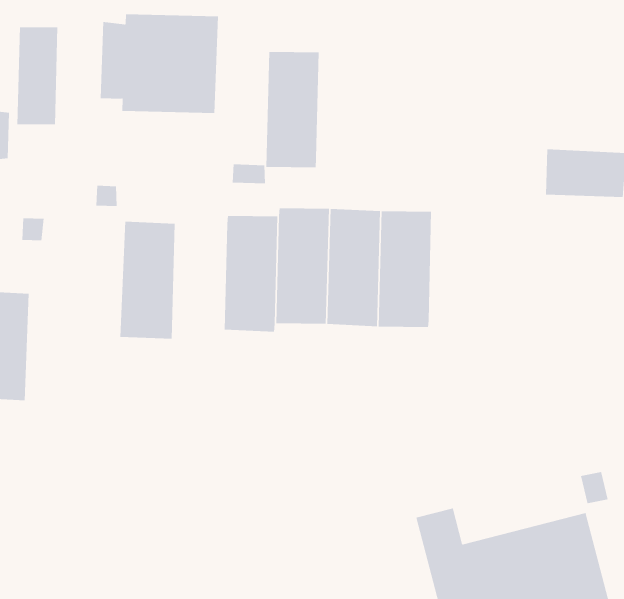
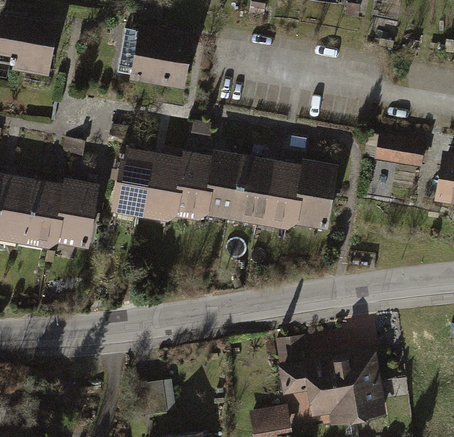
building: [17,26,58,125] -> none
building: [265,51,320,168] -> [144,152,184,224]
building: none -> [297,159,337,231]
building: none -> [53,177,98,251]

